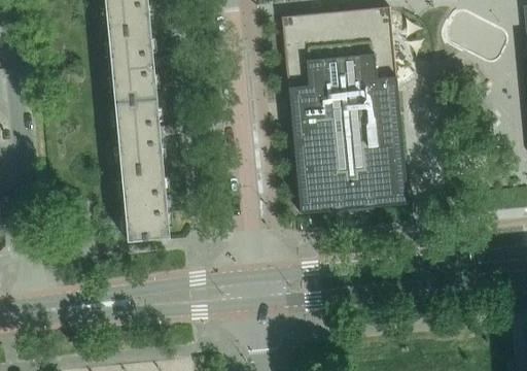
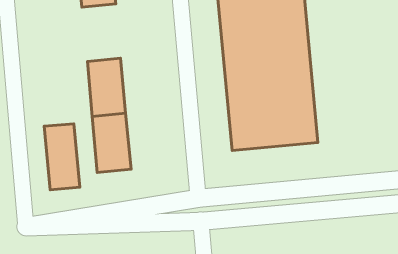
building: [108,27,157,100] -> none
building: none -> [44,124,80,190]

